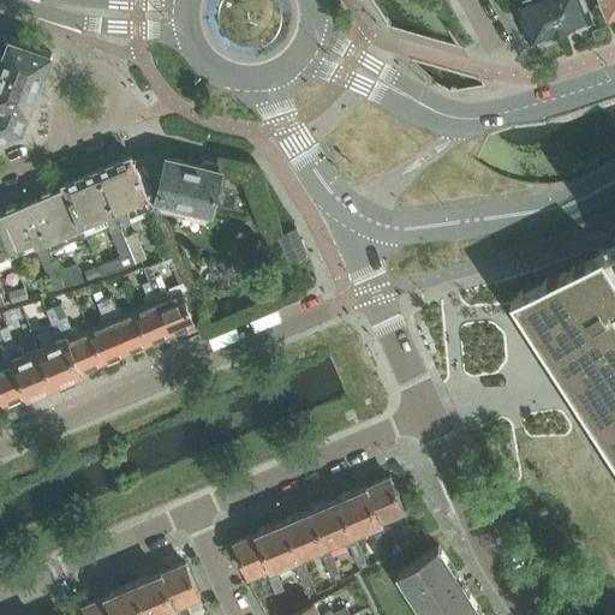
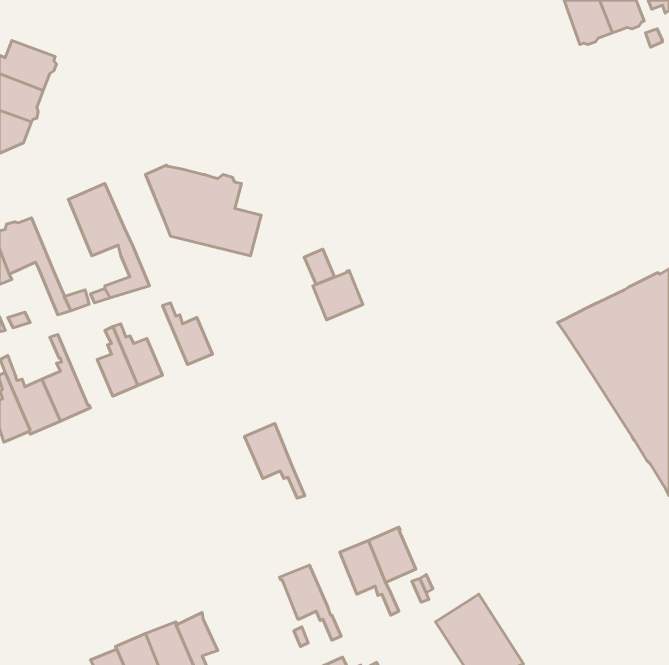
building: [96,159,150,229] -> none
building: [29,190,84,253] -> none
building: none -> [313,270,363,320]
building: [135,285,172,348] -> none
building: [53,308,103,376] -> none
building: [365,480,404,529] -> none
building: [283,510,339,579] -> [245,424,305,498]
building: [234,536,274,579] -> none

